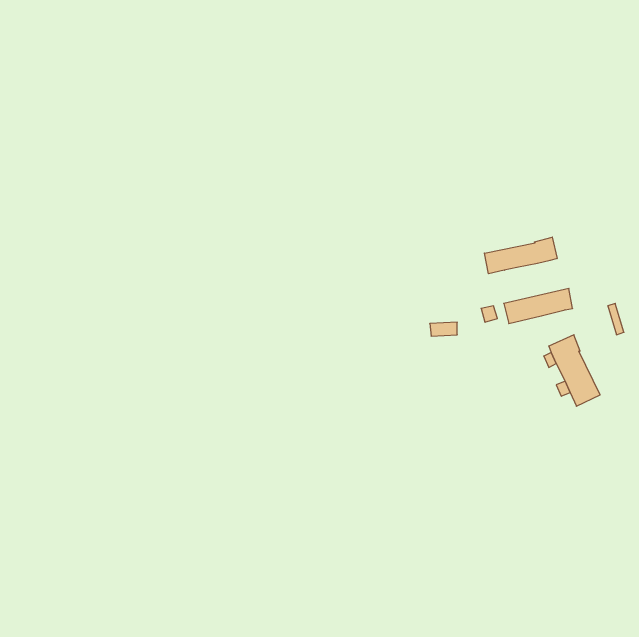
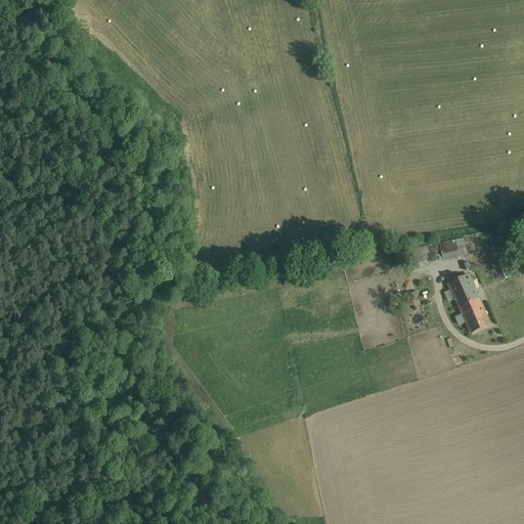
building: [484,237,557,274] -> none

